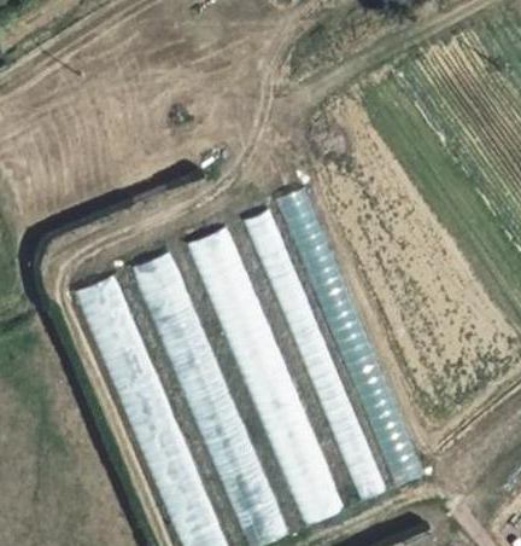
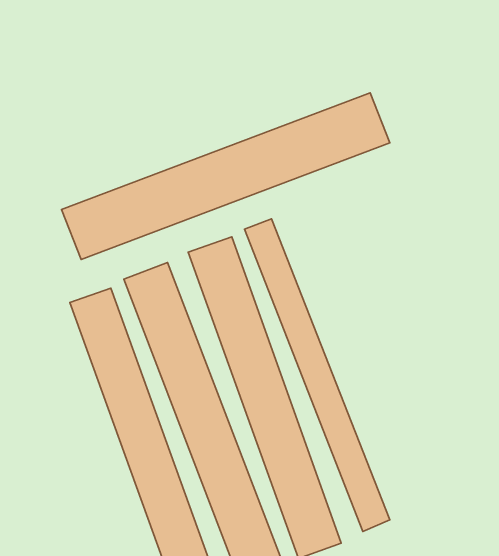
building: none -> [62,93,390,259]
building: [280,187,417,488] -> none

